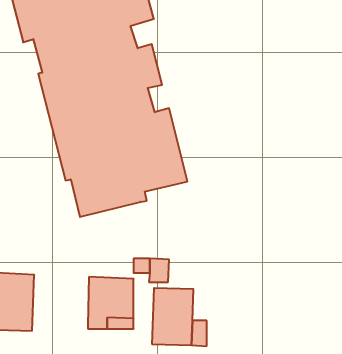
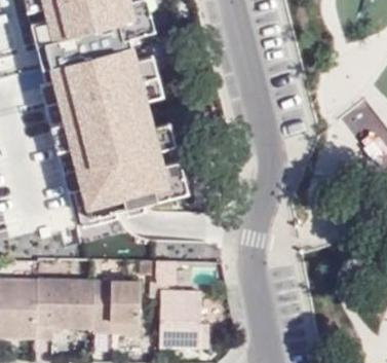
building: none -> [36,279,93,336]

